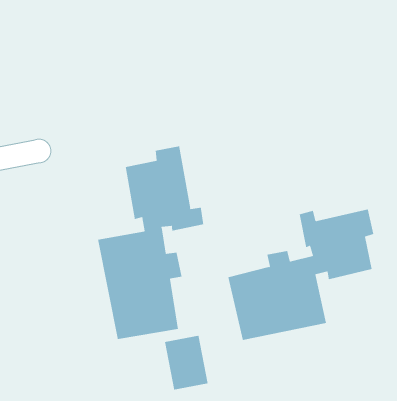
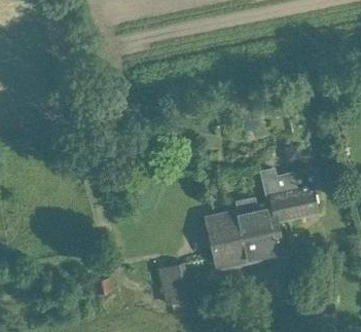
building: [98,146,204,340] -> none

